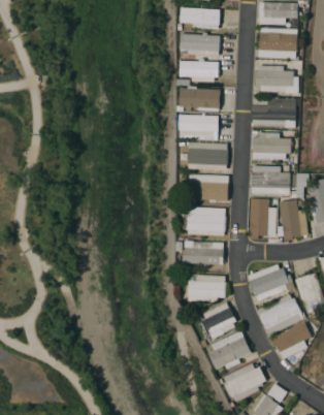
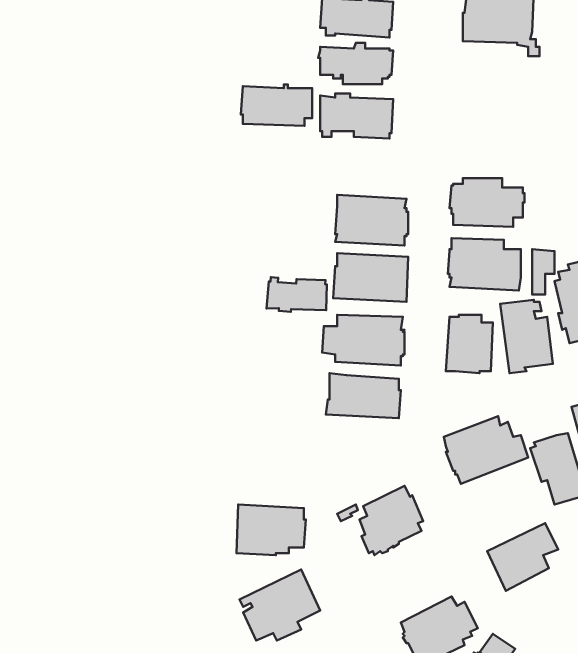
building: [255,65,298,93] -> none
building: [253,98,295,127] -> none
building: [179,113,218,135] -> [241,84,312,126]
building: none -> [267,277,327,312]
building: [188,274,226,301] -> [236,505,306,555]
building: [257,293,305,334] -> none
building: [206,329,251,369] -> [239,569,320,641]

